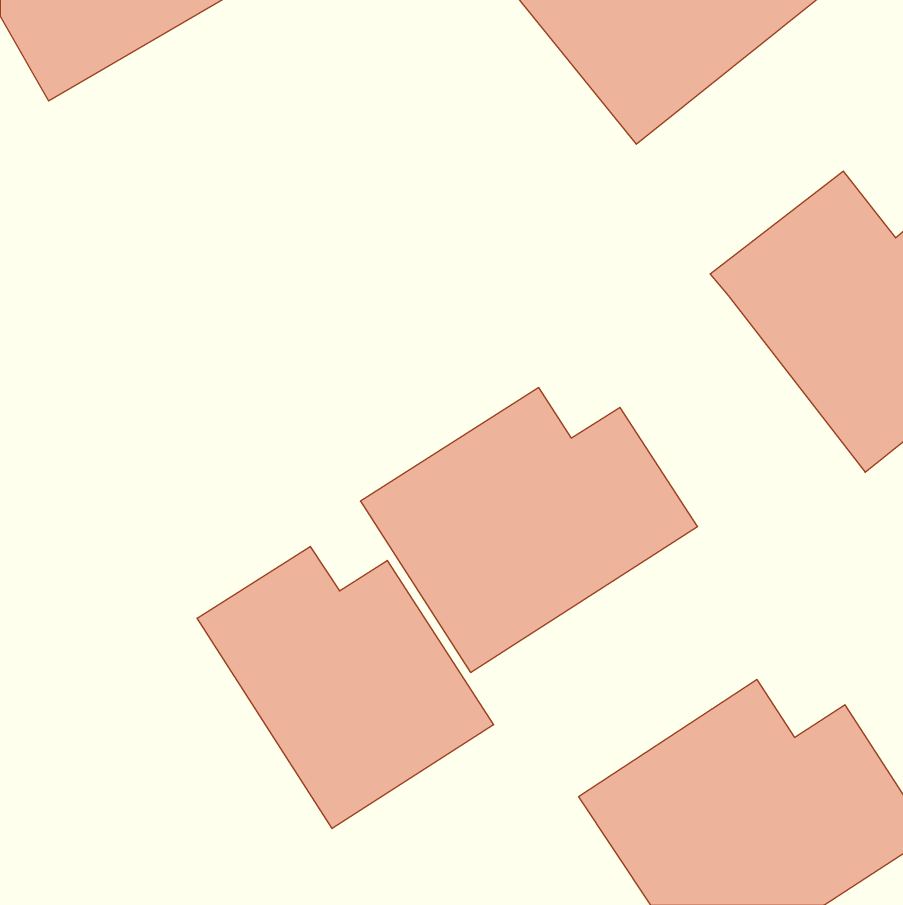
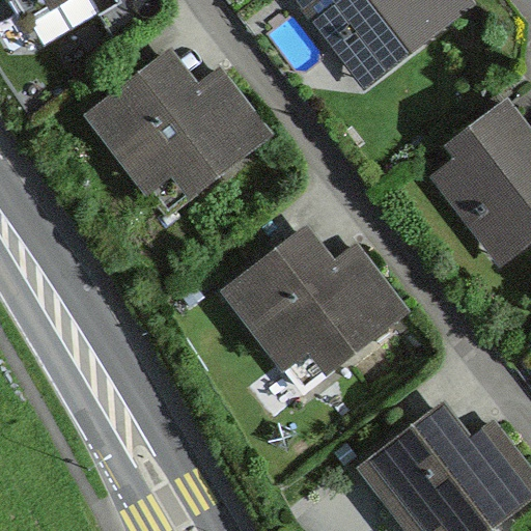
building: none -> [78,52,294,230]
building: [197,546,494,829] -> none

